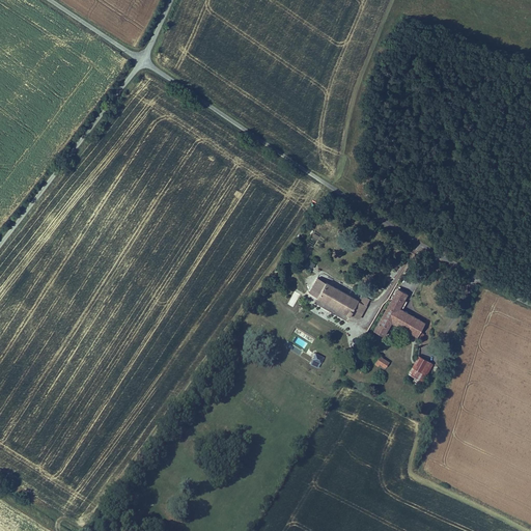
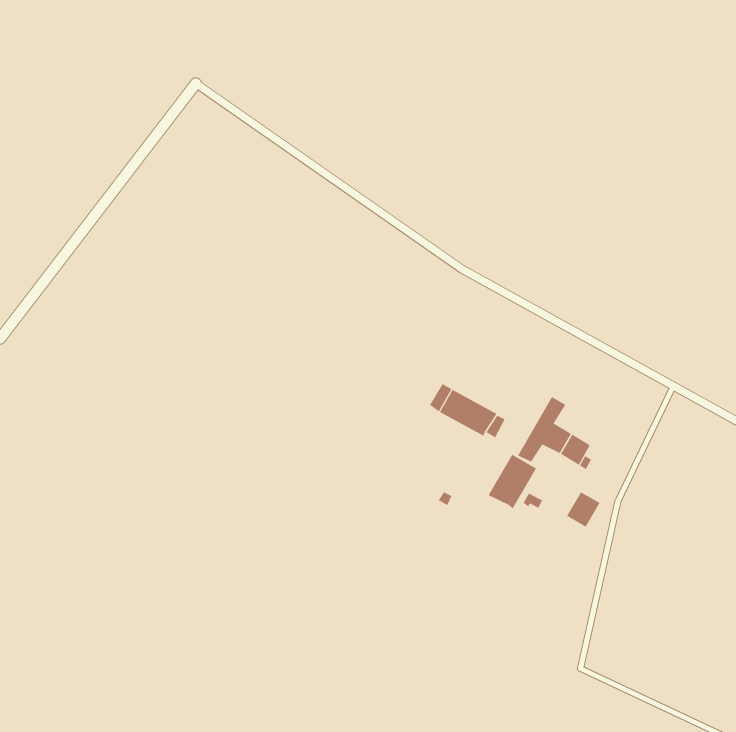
building: none -> [488,454,537,509]

